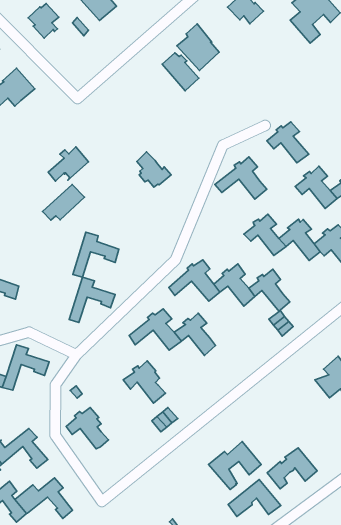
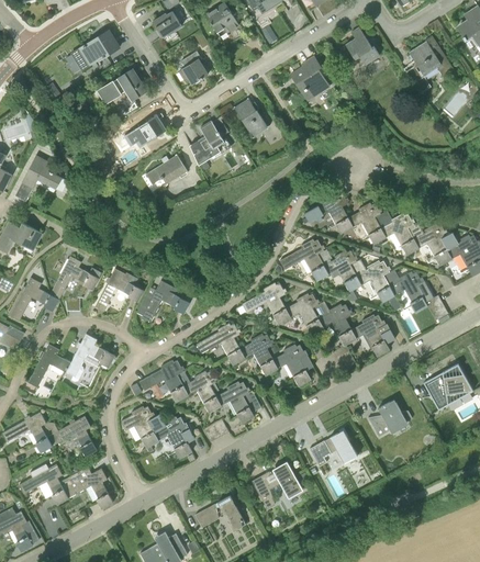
building: none -> [180,50,206,83]
building: [162,53,199,91] -> [234,99,267,137]
building: [267,122,309,163] -> [347,203,386,244]
building: [137,152,171,187] -> [200,121,231,156]
building: [43,185,85,220] -> [123,115,166,147]
building: none -> [279,239,328,281]
building: [73,232,119,277] -> [94,268,143,311]
building: none -> [350,315,389,356]
building: none -> [272,345,313,385]
building: none -> [138,360,188,402]
building: none -> [215,382,254,423]
building: none -> [153,417,191,458]
building: [267,448,317,489] -> [309,430,357,467]
building: [228,480,281,517] -> [196,495,246,530]

